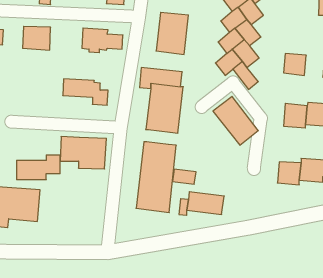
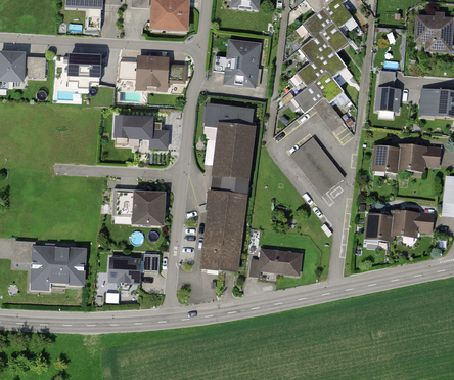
building: [17,155,60,180] -> [106,249,157,278]
building: [172,169,196,184] -> [212,176,239,194]

